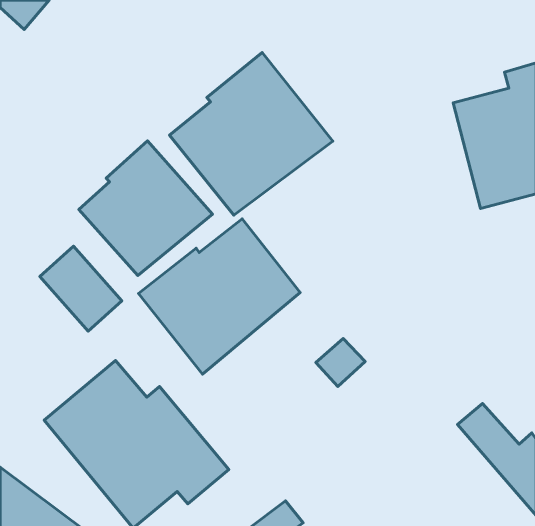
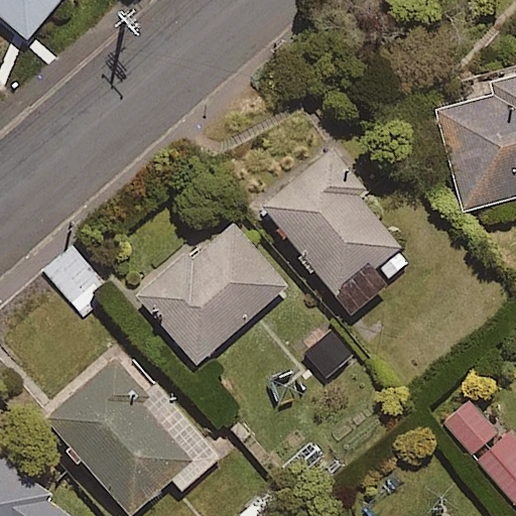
building: [169,53,333,215] -> none
building: [79,141,212,275] -> none
building: none -> [260,153,414,316]

